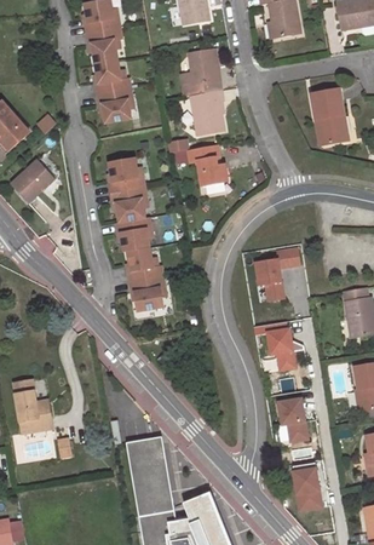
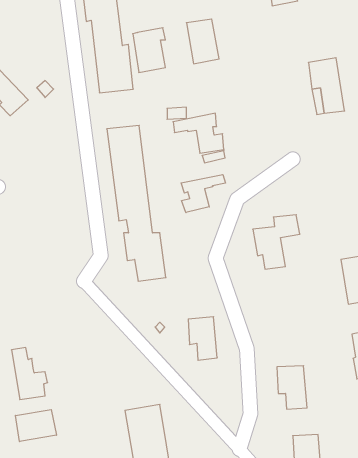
building: [190,90,223,134] -> [133,28,165,72]
building: [10,159,53,202] -> none
building: none -> [181,175,225,213]
building: [267,327,297,371] -> [188,317,217,360]
building: none -> [15,410,56,442]

